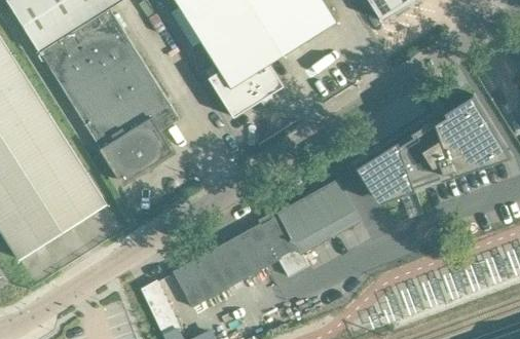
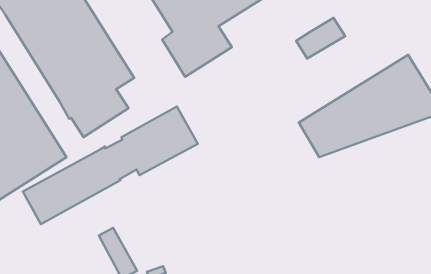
building: none -> [296,18,345,59]
building: [171,180,359,306] -> [23,106,198,224]

